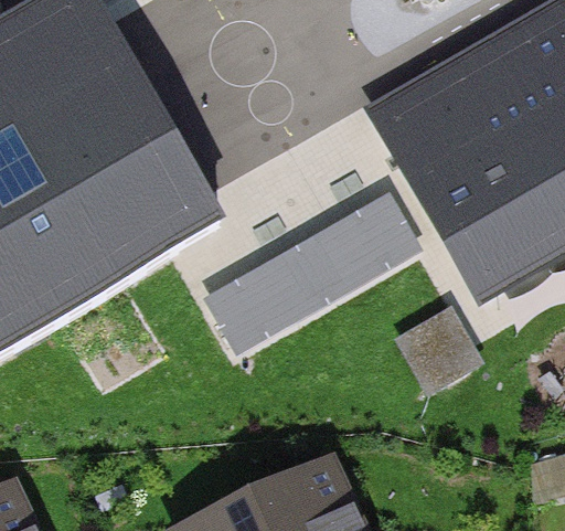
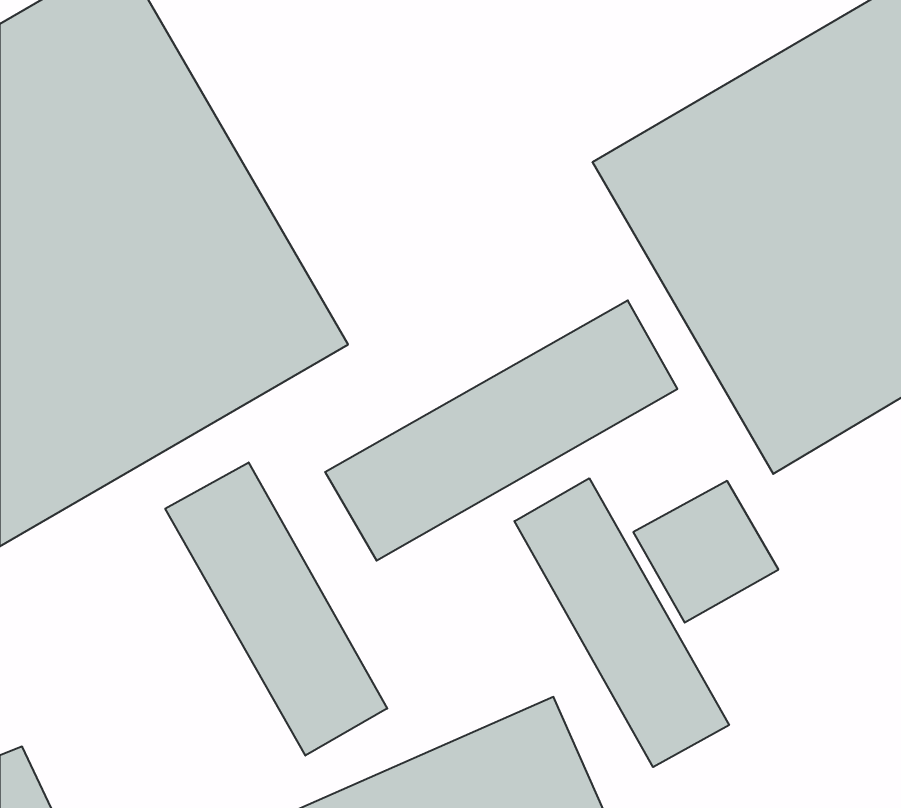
building: none -> [165,462,387,756]
building: none -> [514,478,729,767]

